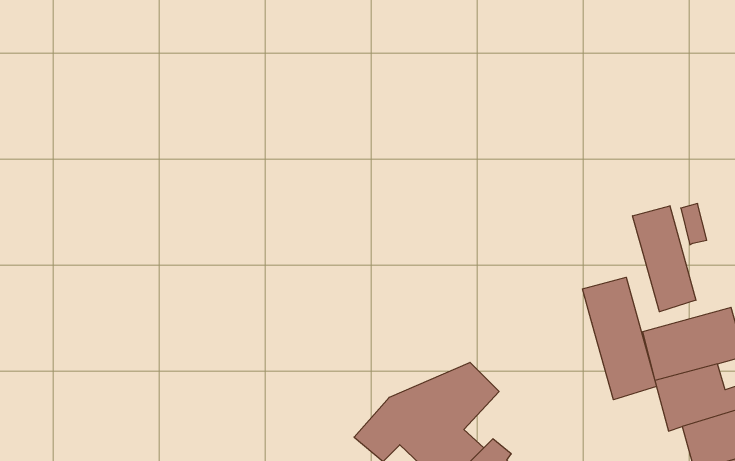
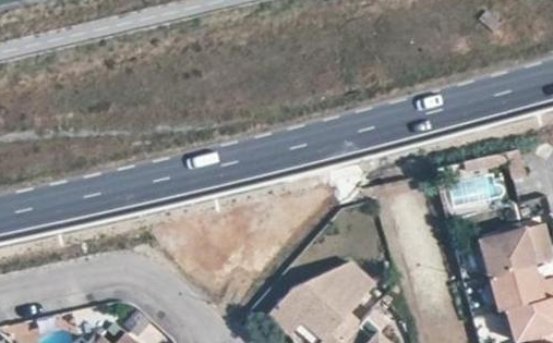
building: [633,206,696,312] -> none
building: [583,277,656,400] -> none

